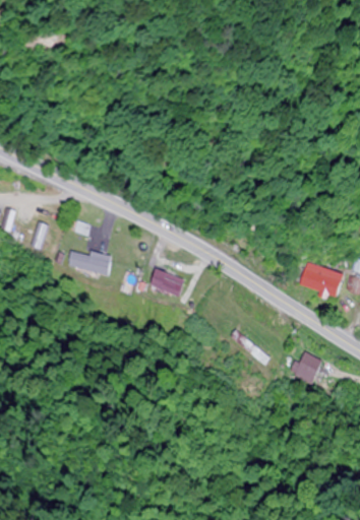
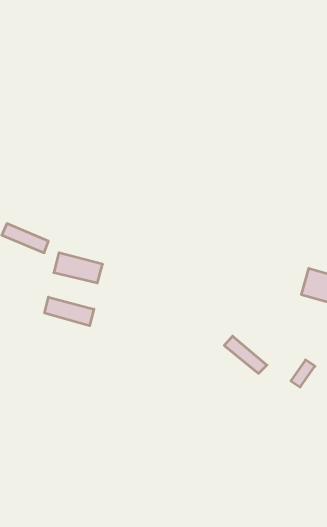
building: [144,266,183,298] -> none
building: none -> [45,297,94,326]

